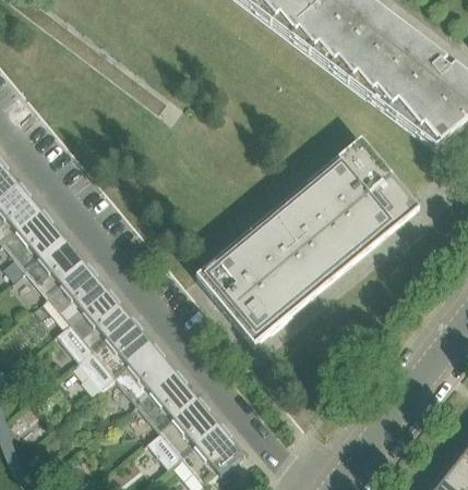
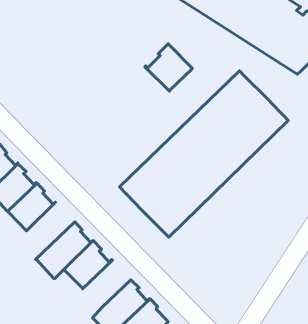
building: none -> [145,44,192,91]
building: [57,291,133,363] -> none
building: [136,371,200,431] -> none

